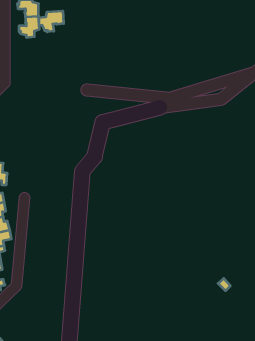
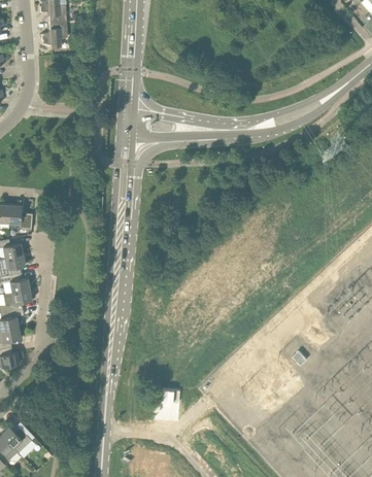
building: [39,11,64,32] -> none

